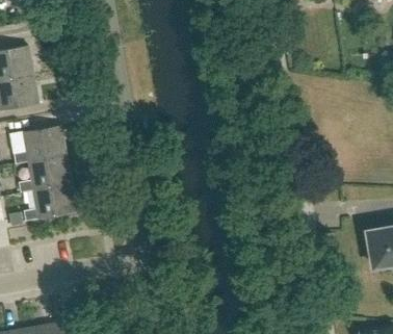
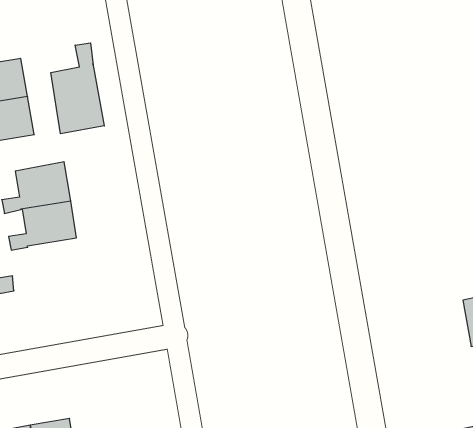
building: none -> [51,43,104,134]
building: [24,183,76,221] -> none

